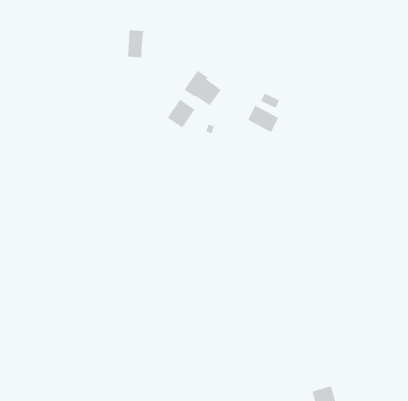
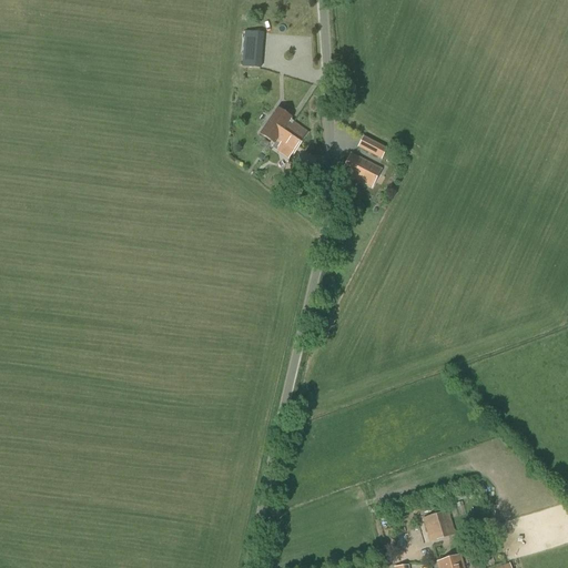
building: [127,30,144,58] -> [242,30,263,67]
building: [167,98,195,129] -> none

